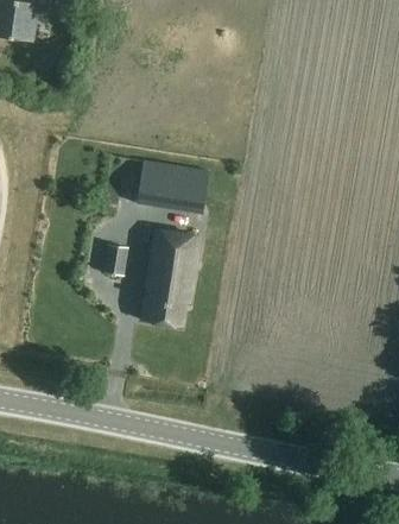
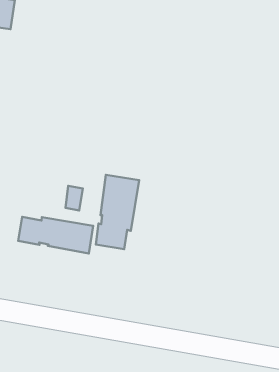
building: [137,157,209,209] -> none
building: none -> [18,217,93,254]

